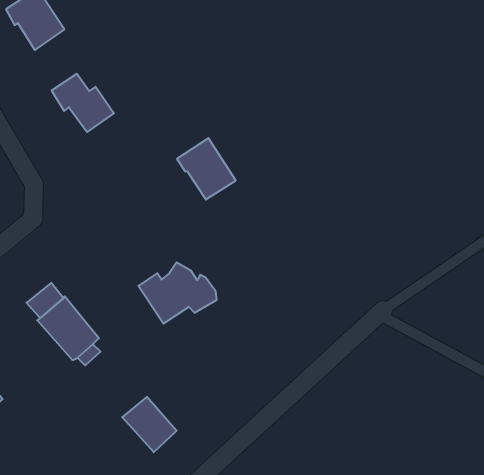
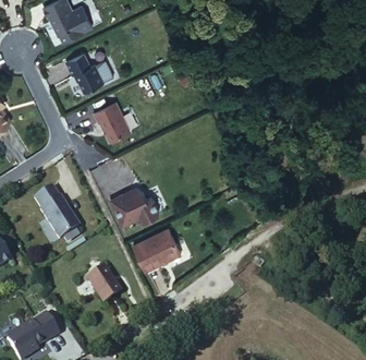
building: [177,138,236,200] -> [95,103,131,142]
building: none -> [132,227,180,271]

